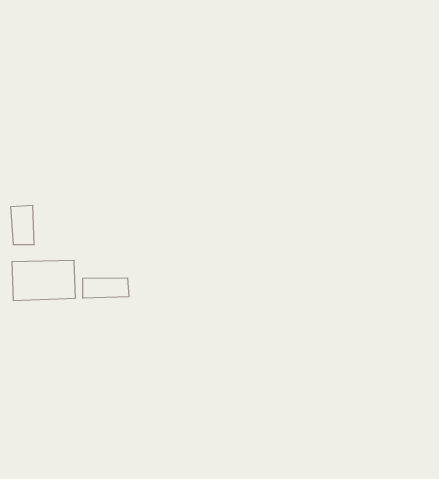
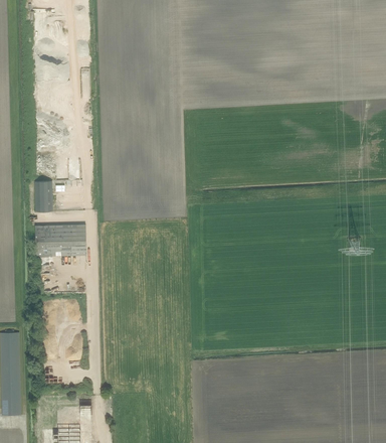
building: [83,278,129,298] -> none

